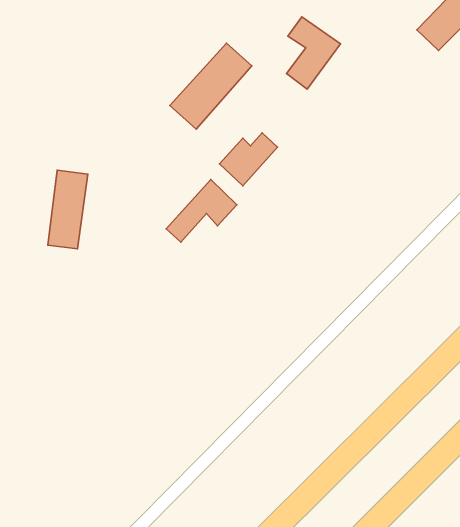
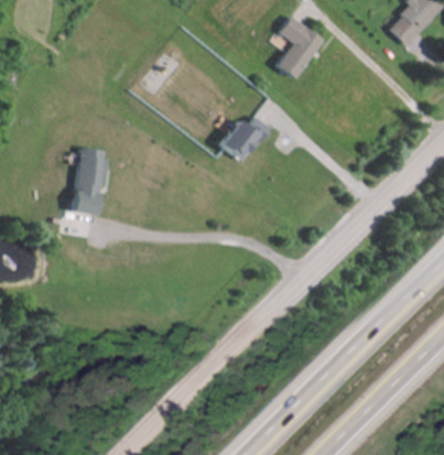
building: [170,43,252,129] -> none
building: [166,179,237,242] -> none

